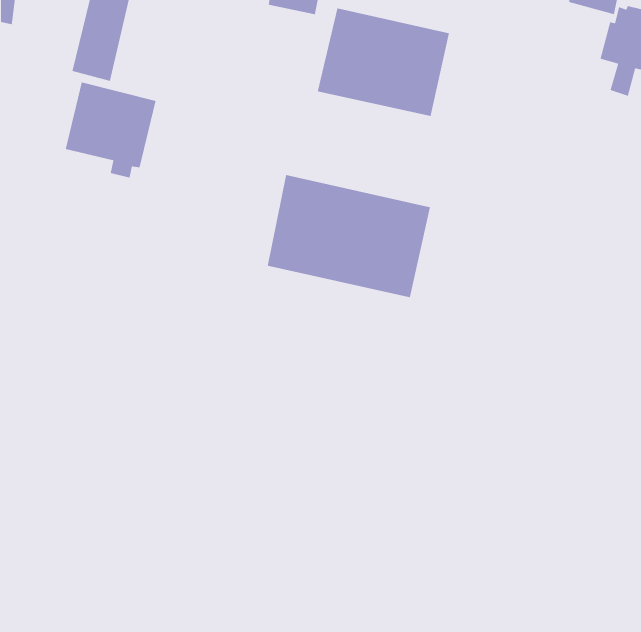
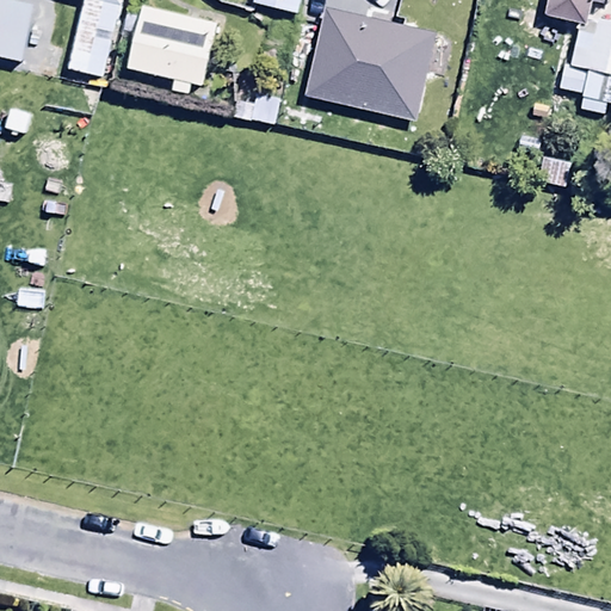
building: [65,82,156,178] -> [130,6,217,98]
building: [267,174,431,298] -> none

